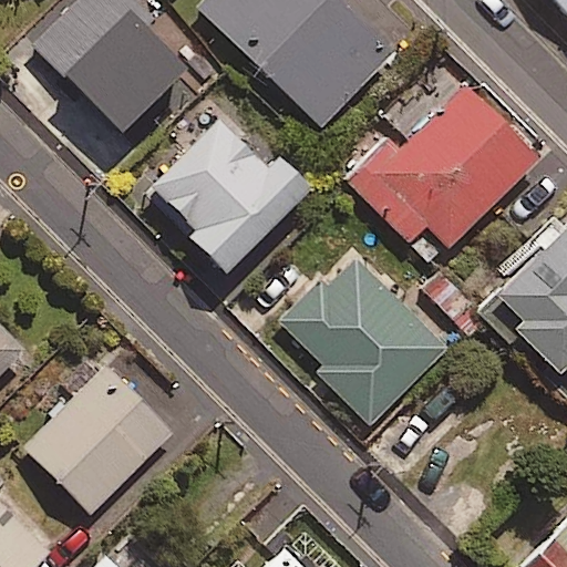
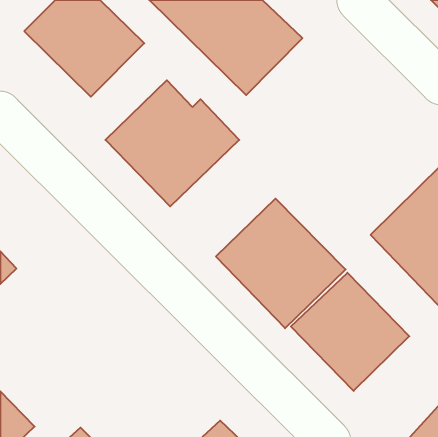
building: [347,84,539,247] -> none
building: none -> [291,273,409,391]
building: [24,367,173,515] -> none

